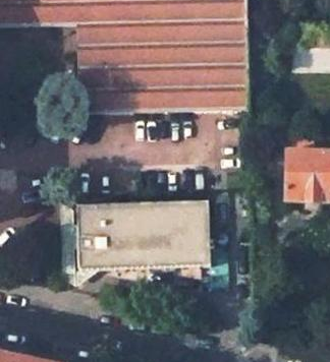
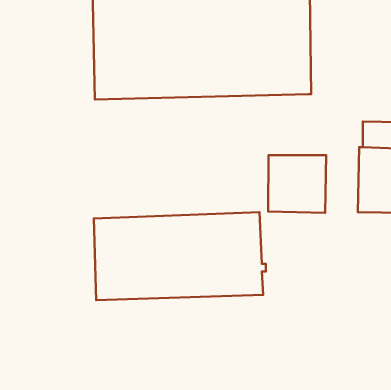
building: none -> [268,155,326,213]

